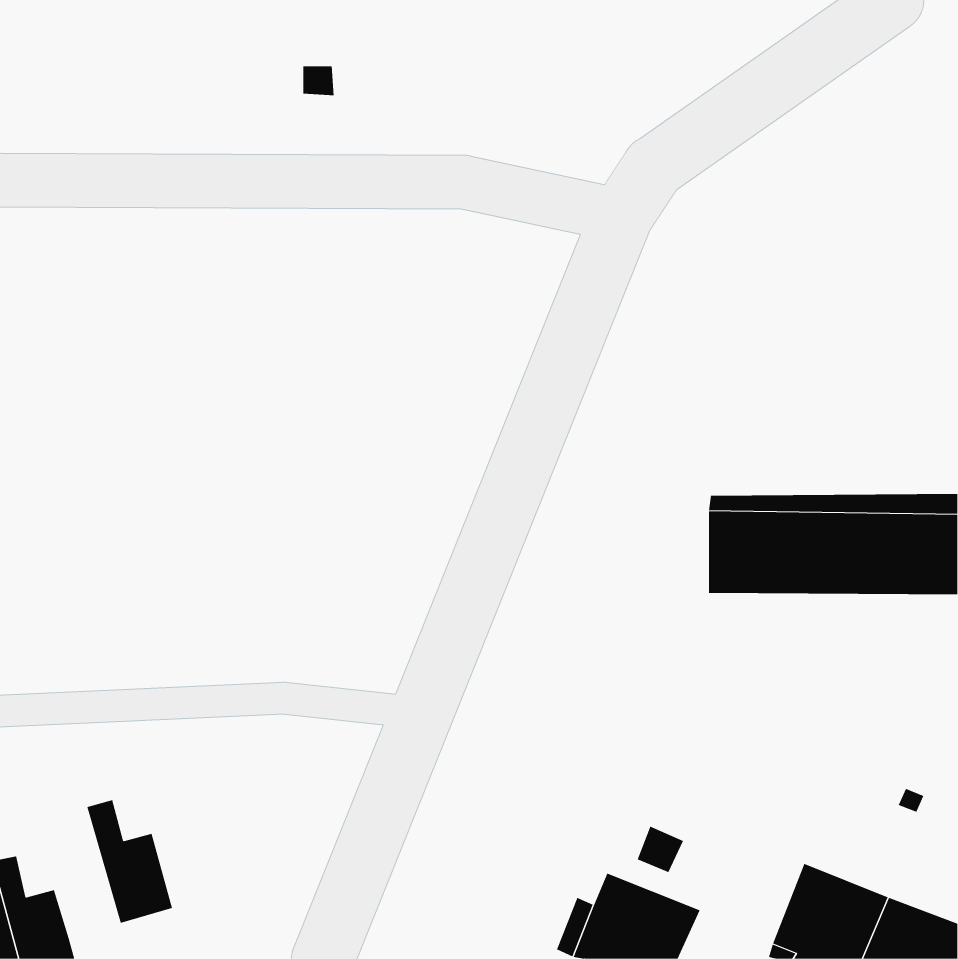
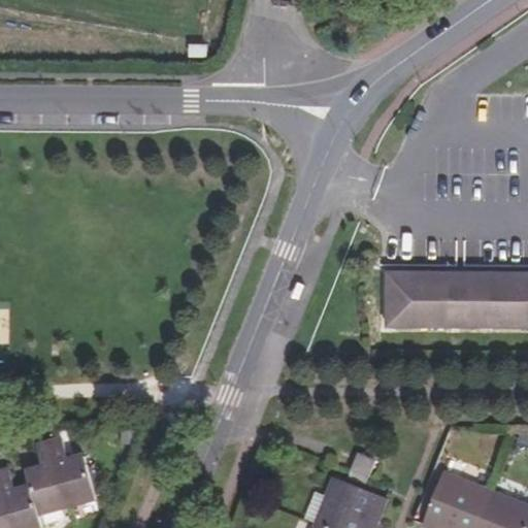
building: none -> [26,443,66,516]

